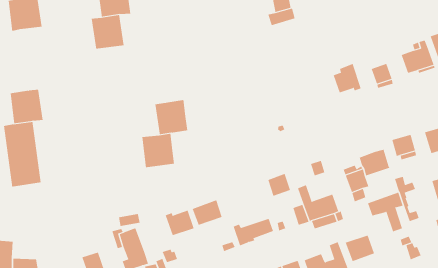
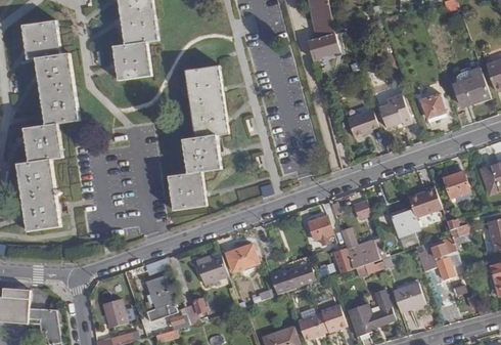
building: none -> [36,52,78,124]
building: none -> [185,66,228,137]
building: none -> [345,107,378,137]

